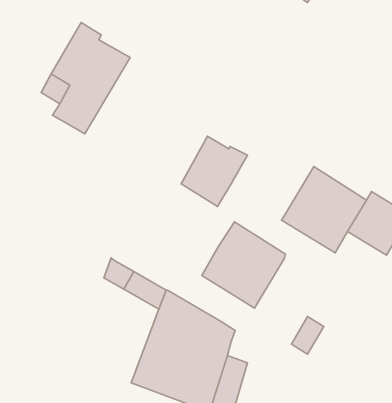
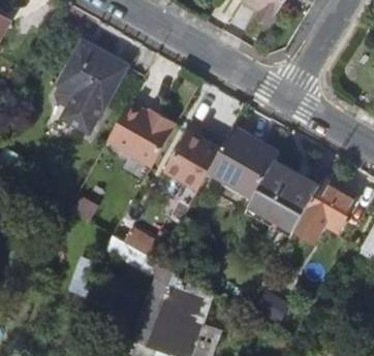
building: none -> [105,102,176,168]
building: [202,222,286,308] -> [208,129,277,200]

